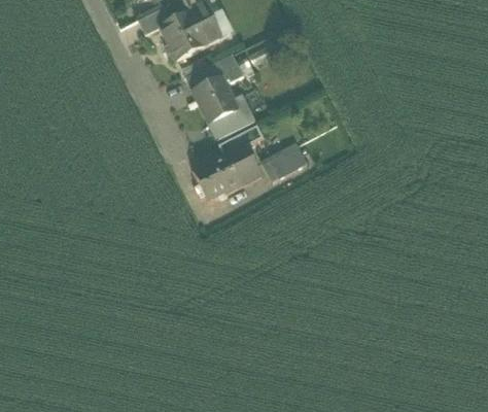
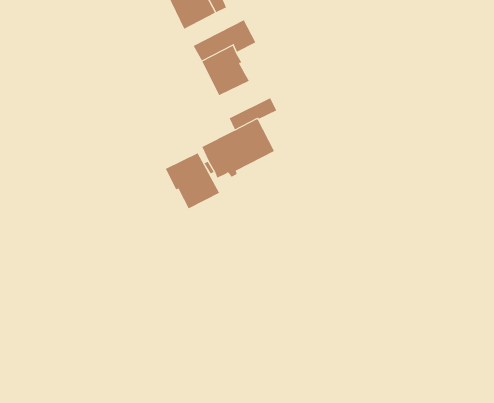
building: [210,94,255,138] -> none
building: [260,140,307,180] -> none
building: none -> [165,152,220,209]

